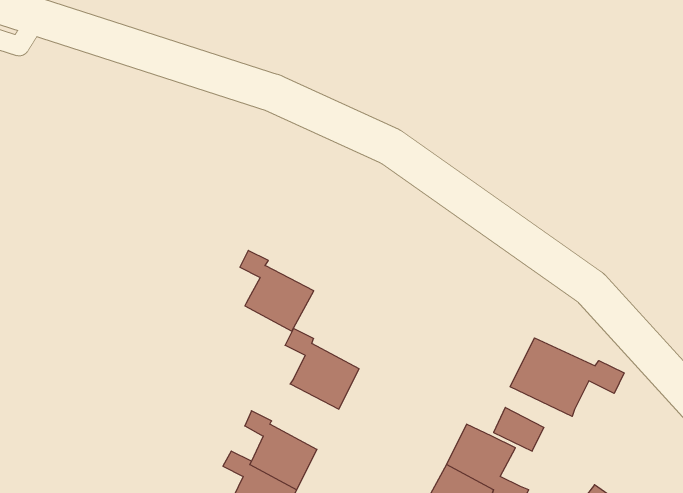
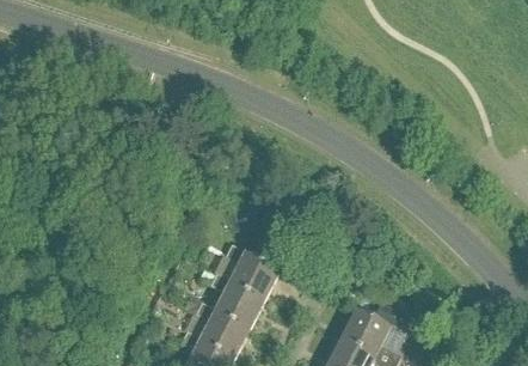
building: [240,250,314,331] -> [210,272,263,329]
building: [510,338,624,416] -> none

